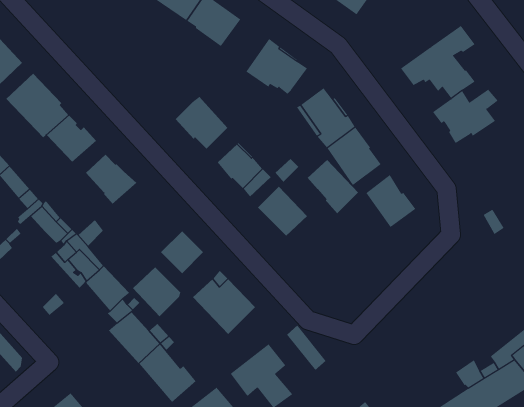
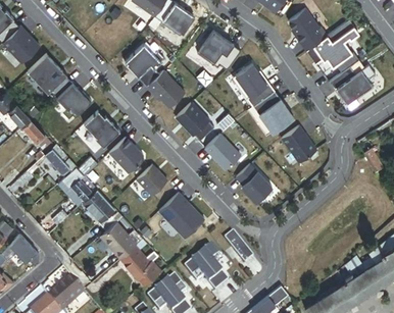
building: none -> [288,9,327,51]
building: none -> [126,44,164,87]
building: [307,159,359,214] -> [235,164,272,203]
building: [132,267,181,317] -> [108,138,143,173]

